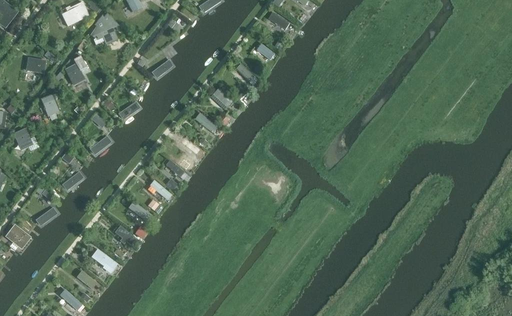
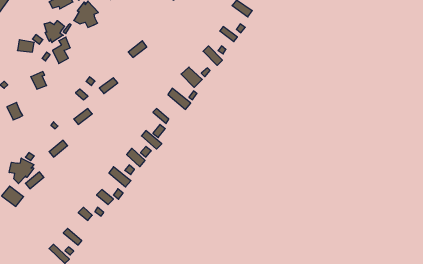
building: none -> [44,21,65,43]
building: none -> [9,158,34,184]

